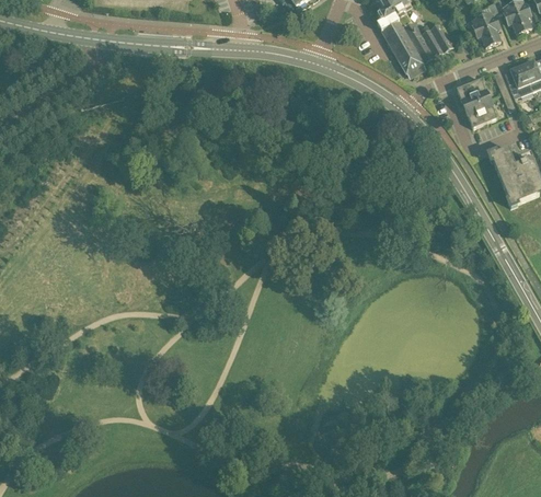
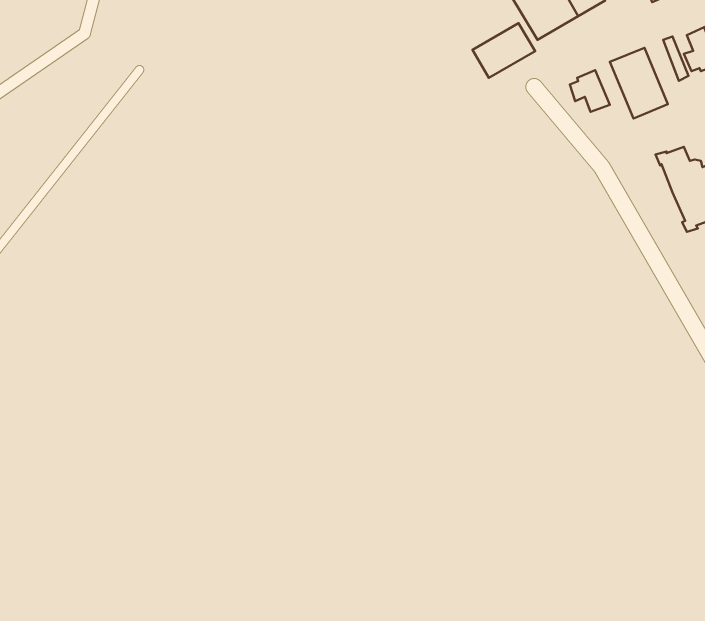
building: none -> [472,23,535,78]
building: none -> [570,70,610,112]

